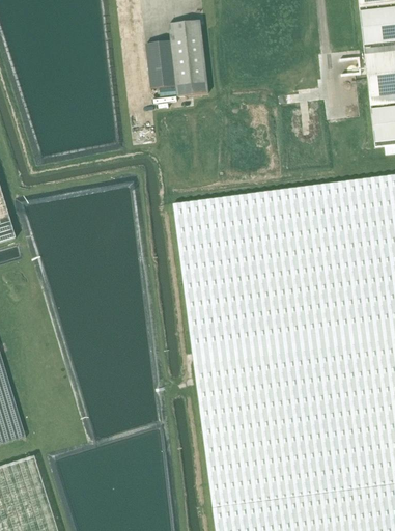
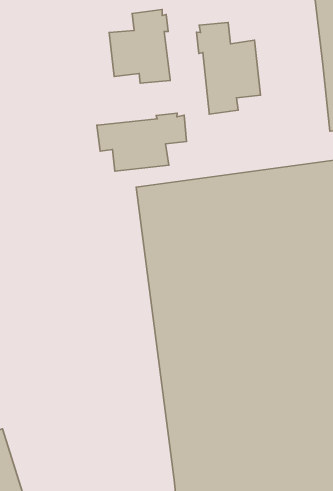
building: none -> [197,23,261,114]
building: none -> [97,113,186,171]

